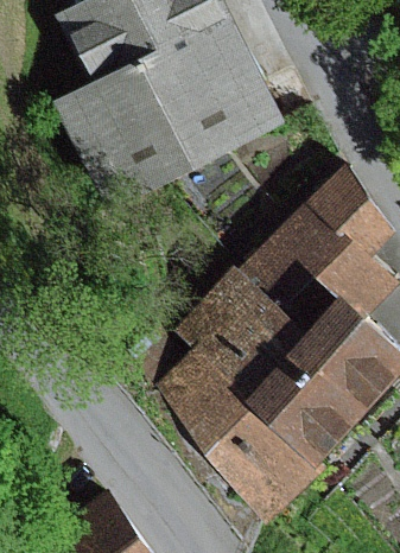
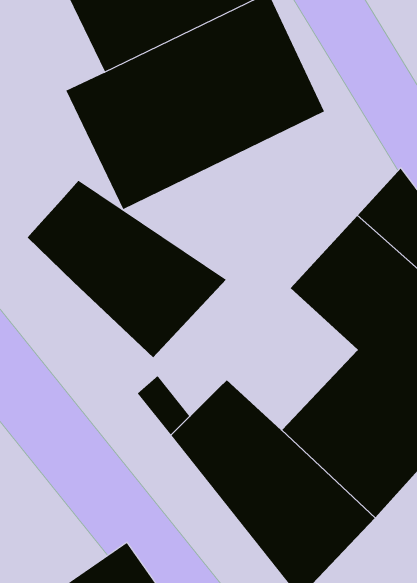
building: none -> [27,180,227,358]
building: [167,255,307,387] -> none

